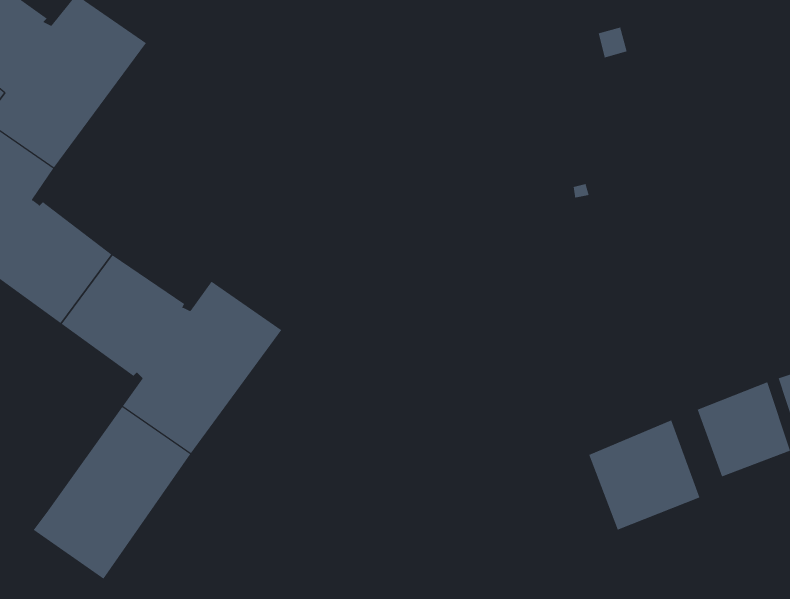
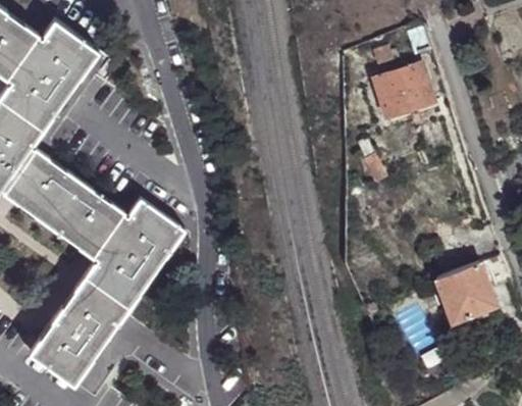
building: none -> [376,61,437,115]
building: [589,419,700,530] -> none

